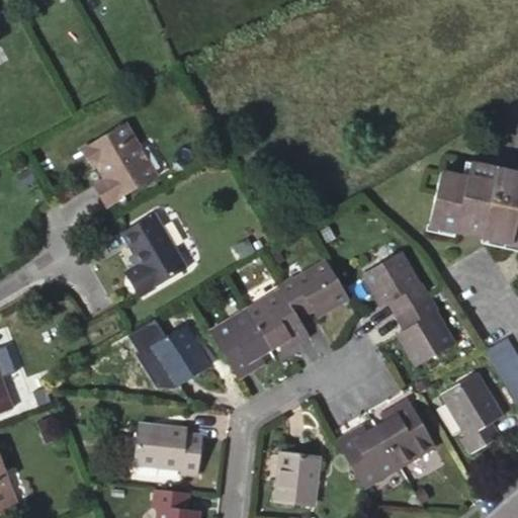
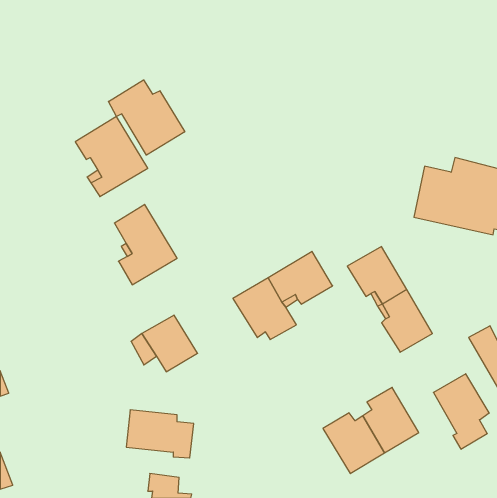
building: none -> [108,80,185,155]
building: [209,309,269,377] -> none
building: [273,454,316,506] -> none

